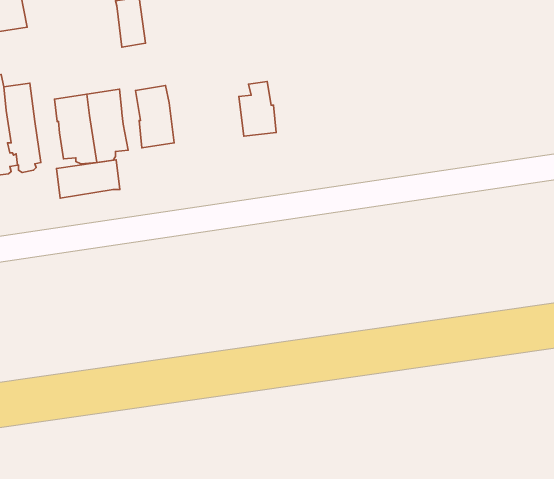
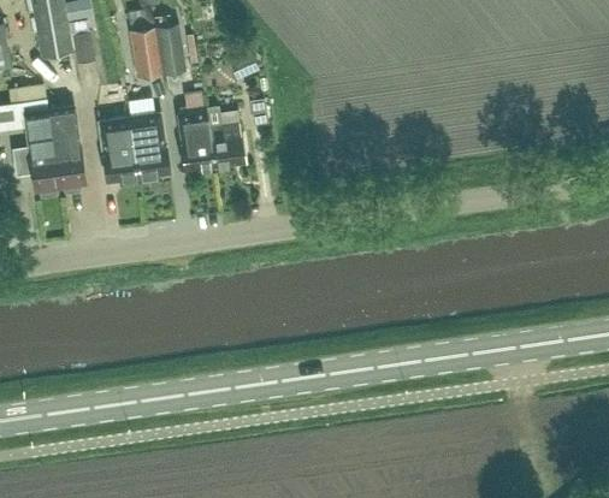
building: none -> [136,32,164,75]
building: [239,82,276,136] -> [209,112,246,165]
building: [56,160,120,198] -> none

